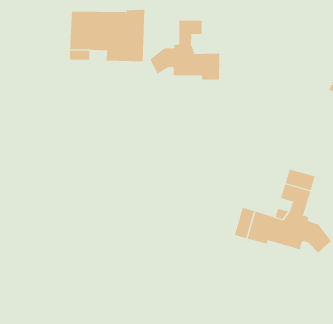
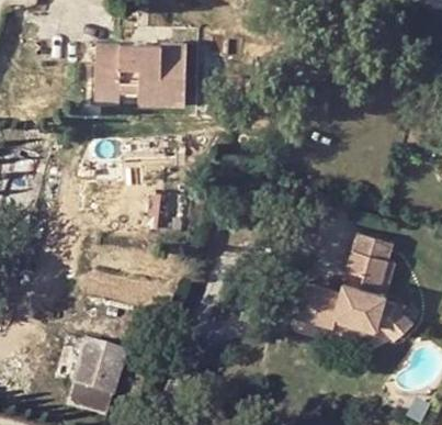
building: [150,20,220,80] -> none
building: none -> [67,343,125,418]

